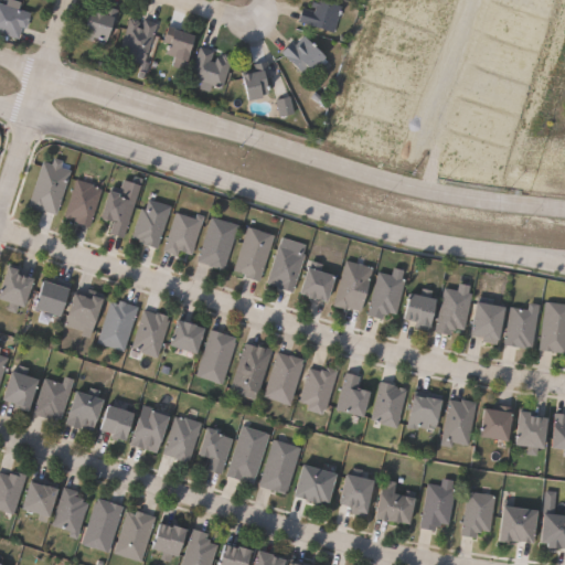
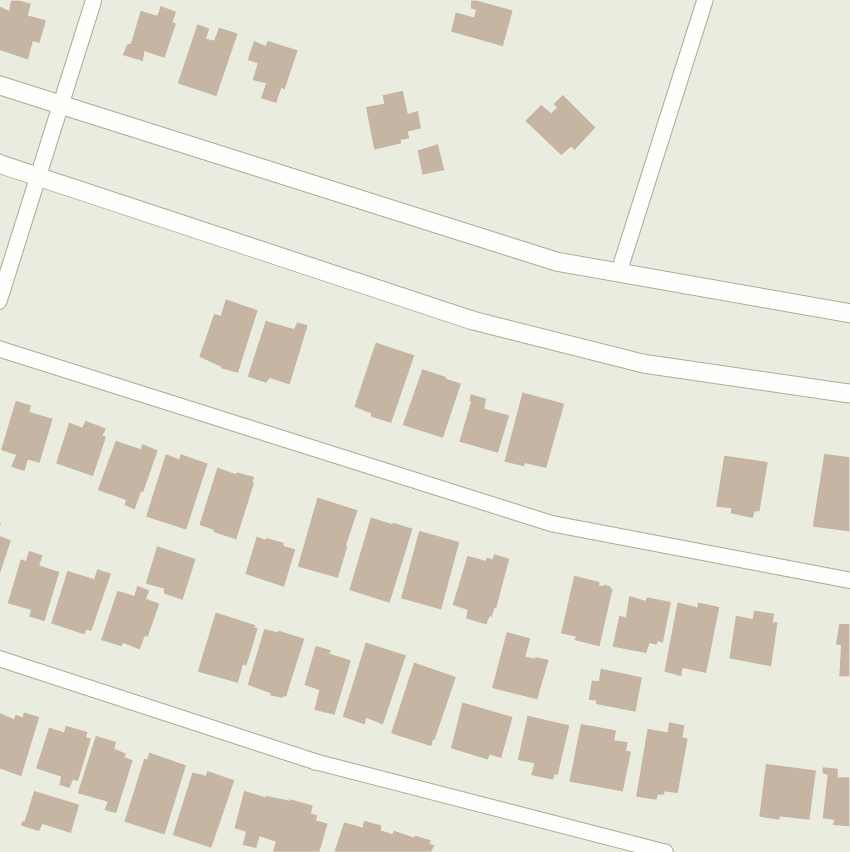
building: [280,33,328,74] -> [525,94,596,156]
building: [190,46,233,92] -> none
building: [28,158,71,214] -> none
building: [64,178,100,225] -> none
building: [103,190,136,237] -> none
building: [196,215,239,269] -> none
building: [367,266,405,318] -> none
building: [406,282,472,335] -> none
building: [504,302,541,348] -> none
building: [172,319,206,353] -> [245,536,296,587]
building: [334,372,373,417] -> [491,631,549,700]
building: [103,404,137,440] -> [145,545,196,600]
building: [519,409,551,456] -> none
building: none -> [588,668,643,713]
building: [461,491,497,537] -> none
building: none -> [20,790,80,834]

